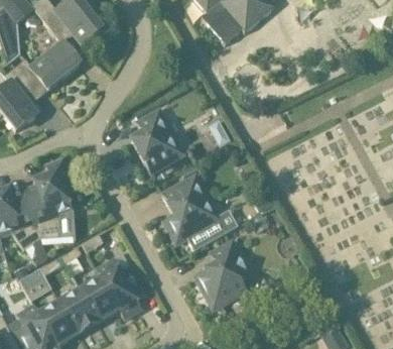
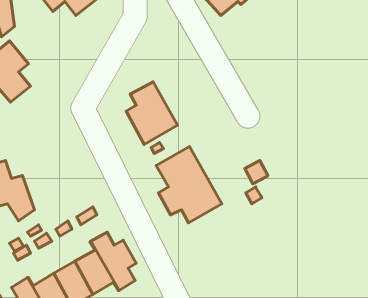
building: [14,43,79,92] -> none
building: [27,159,74,238] -> none
building: [193,241,251,310] -> none

